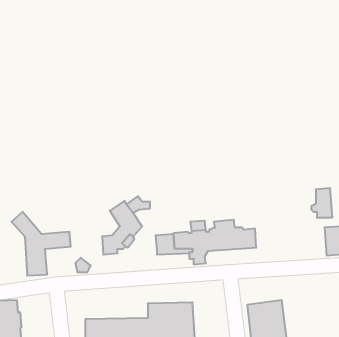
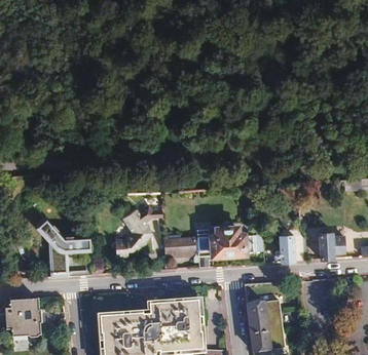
building: [311,188,332,217] -> [274,233,294,260]

